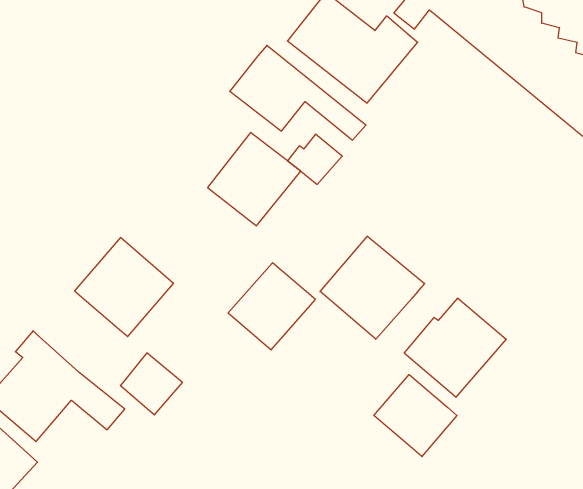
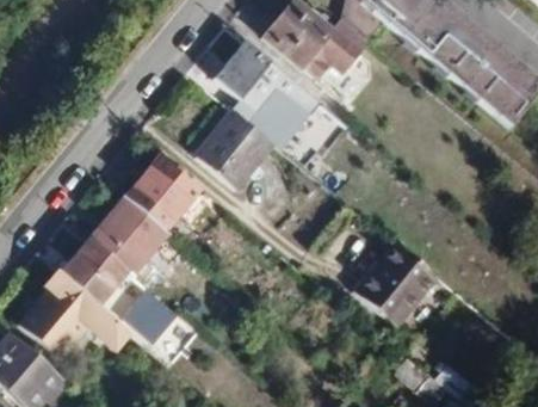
building: [320,236,425,339] -> none
building: [228,263,315,350] -> [126,154,197,224]
building: none -> [58,238,124,303]
building: [374,375,457,457] -> none

